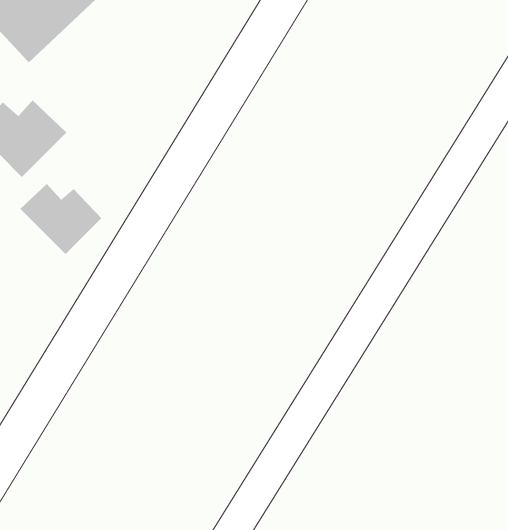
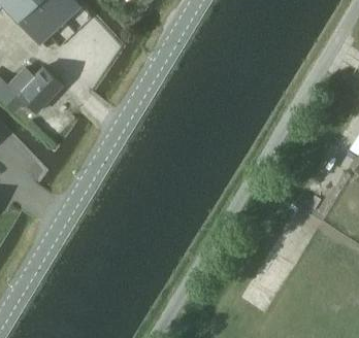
building: [19,183,102,255] -> none

